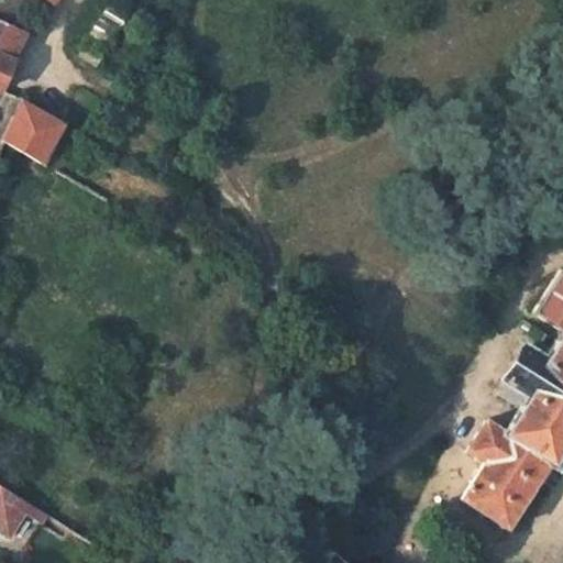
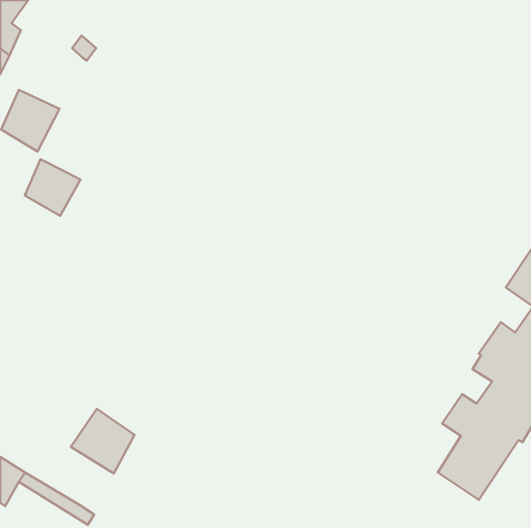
building: none -> [25,159,80,216]
building: none -> [71,409,134,473]

